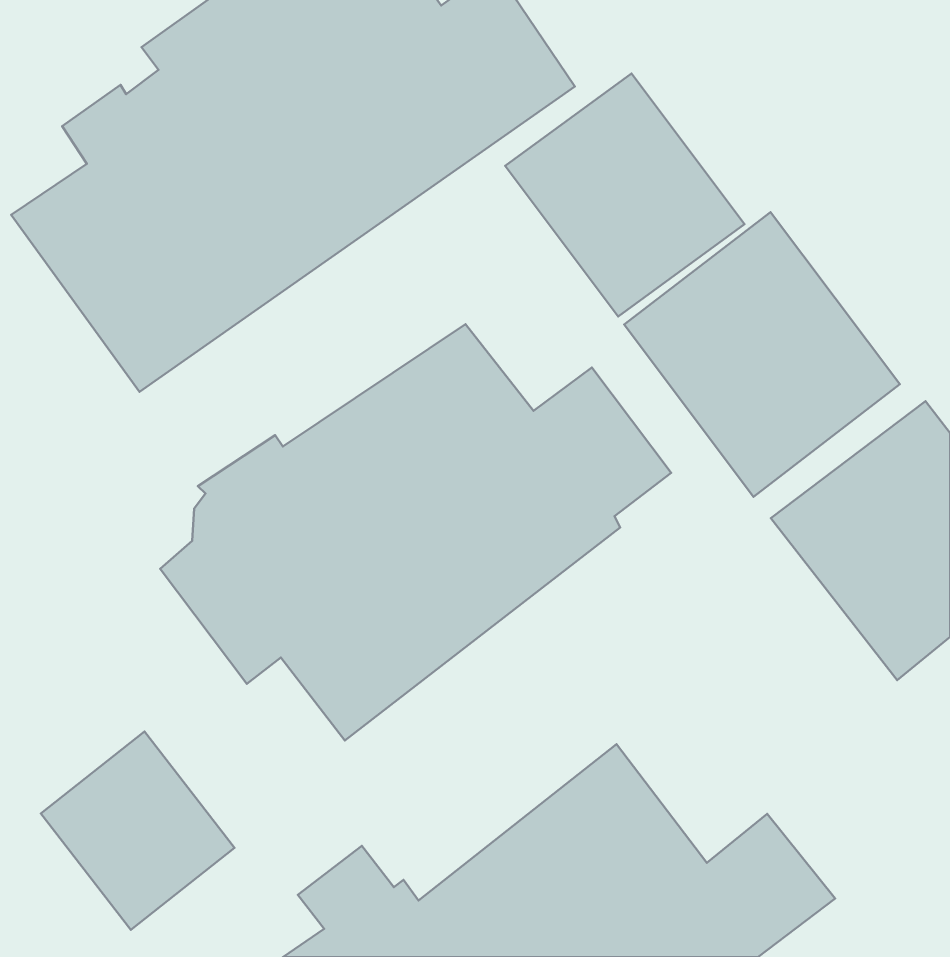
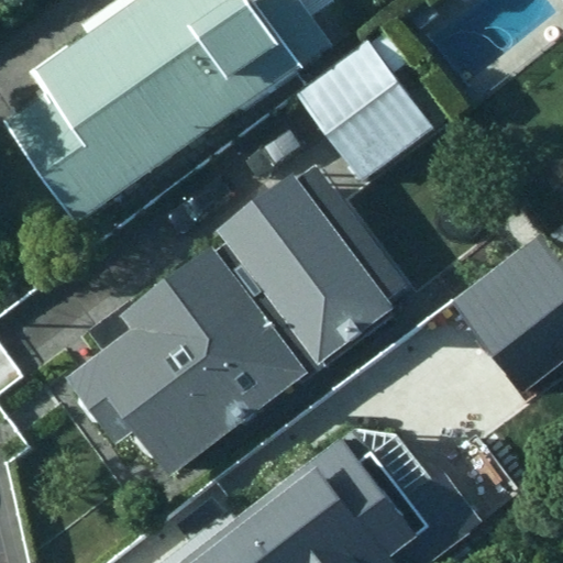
building: [624,212,900,497] -> none
building: [41,731,235,930] -> none

